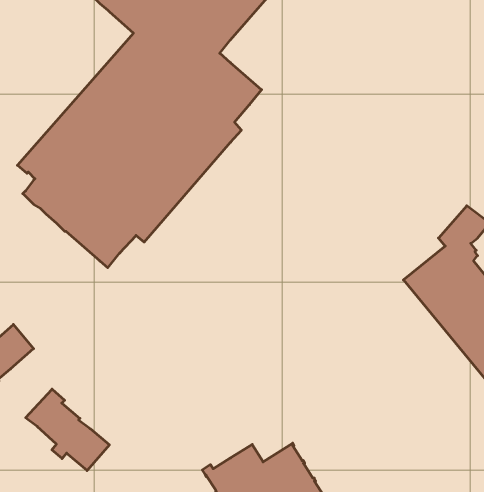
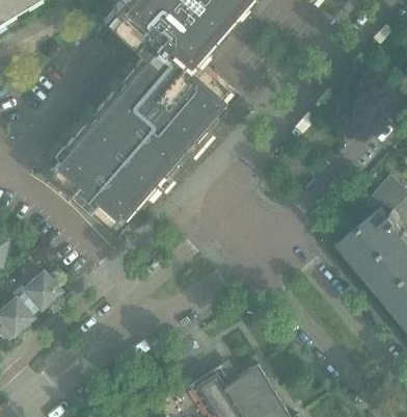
building: [26,389,109,471] -> none

